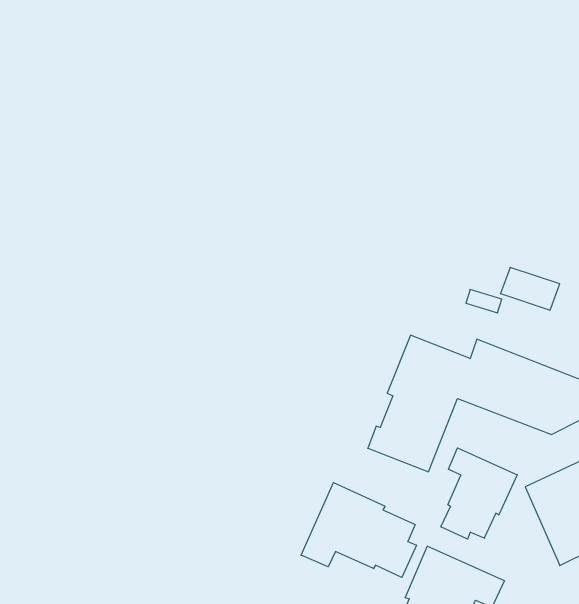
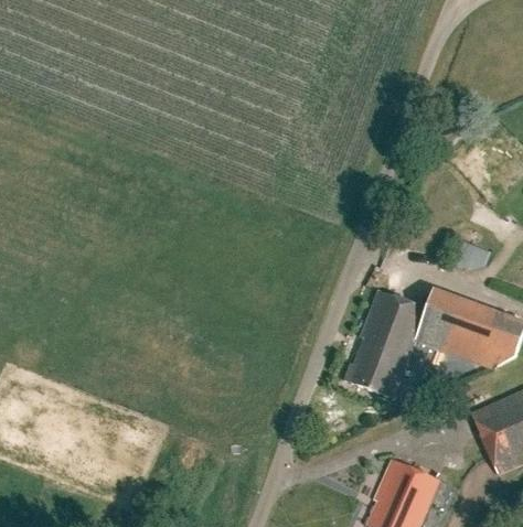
building: [441,448,517,539] -> none
building: [301,483,416,577] -> none

